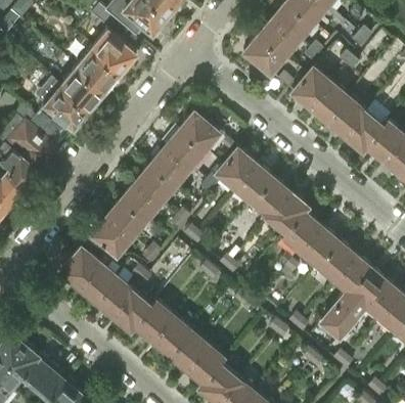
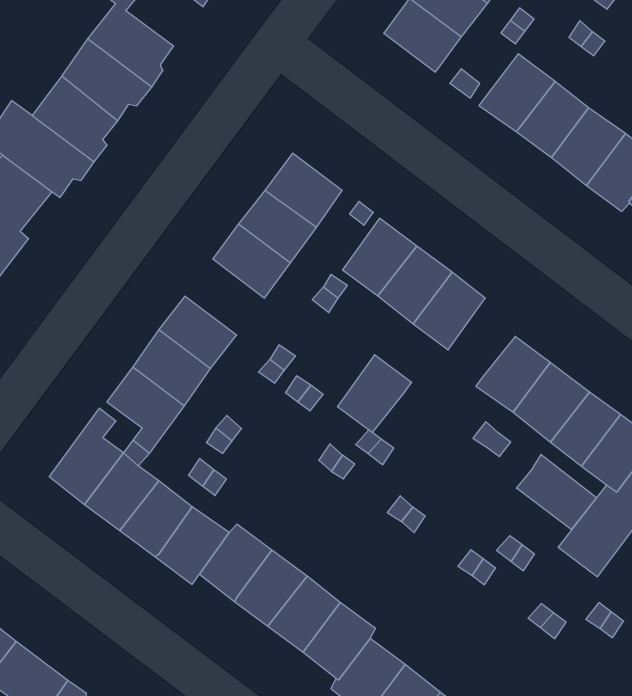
building: [135,164,176,204] -> none
building: [269,191,308,231] -> [337,355,412,432]
building: none -> [516,454,597,529]

